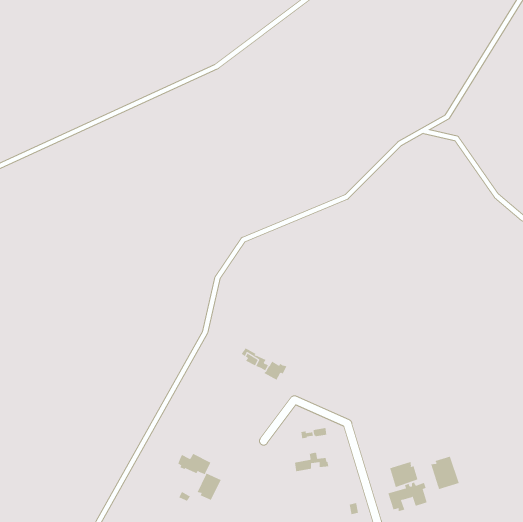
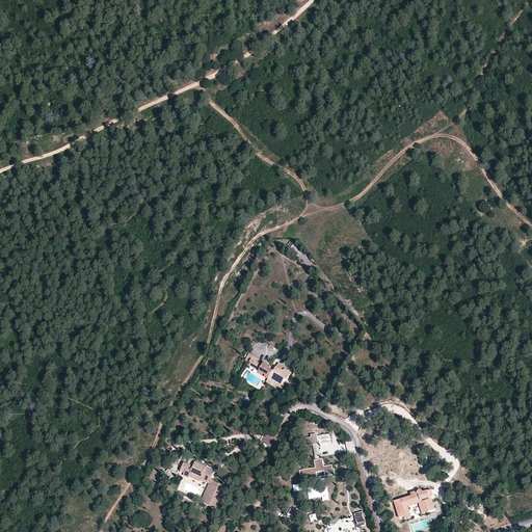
building: [431,456,459,490] -> none
building: [389,461,418,488] -> none

